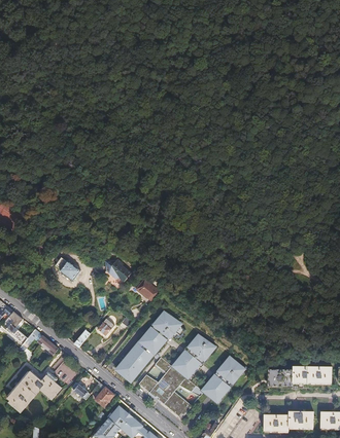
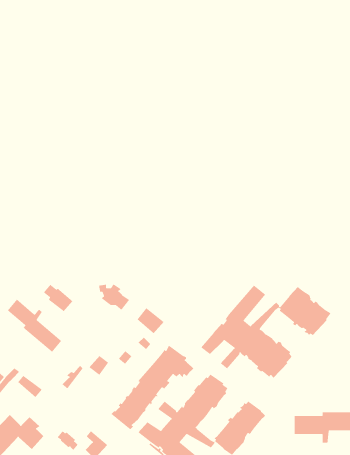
building: none -> [200,284,332,379]
building: none -> [7,299,62,353]

